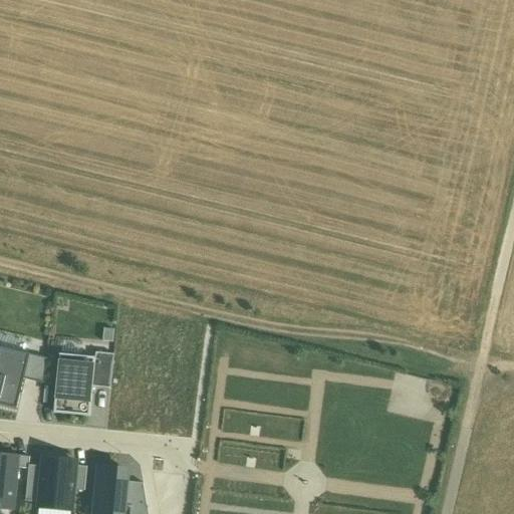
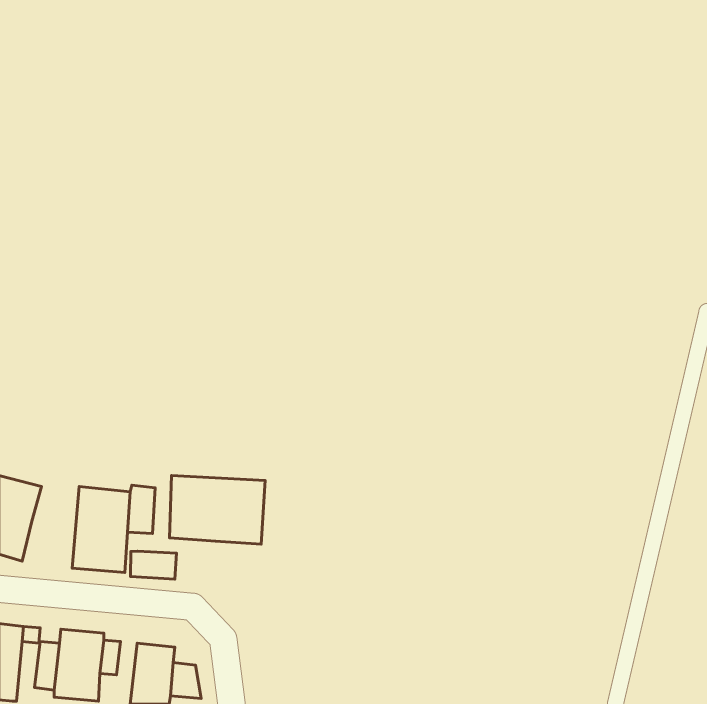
building: none -> [169,476,265,544]
building: [23,352,46,381] -> none
building: none -> [130,551,177,579]

